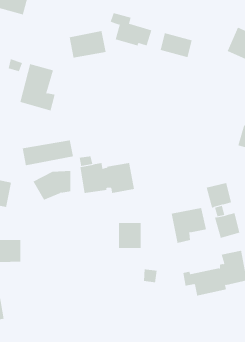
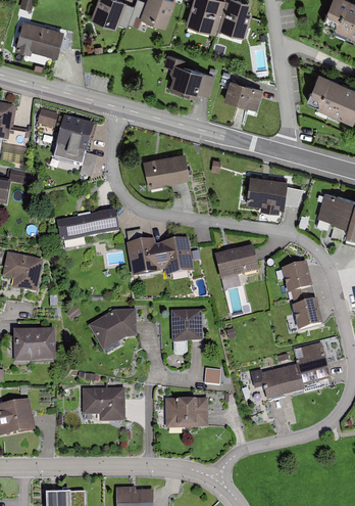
building: [69,30,106,58] -> [143,152,189,186]
building: none -> [247,173,287,210]
building: [33,171,71,201] -> [88,311,135,348]
building: [171,208,207,244] -> [215,245,259,289]
building: none -> [83,388,124,422]
building: none -> [165,398,207,426]

